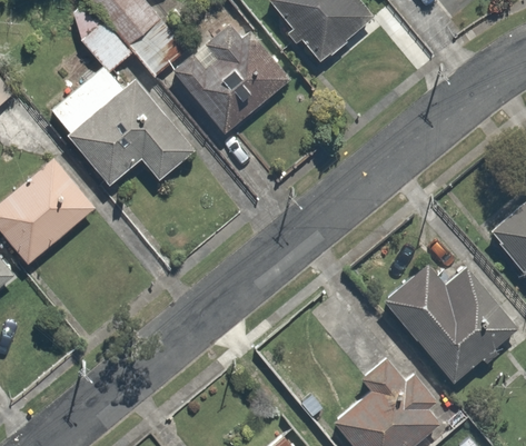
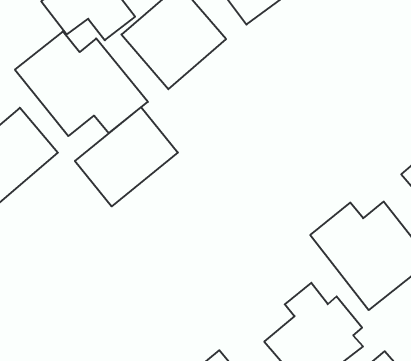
building: none -> [75,107,178,206]

